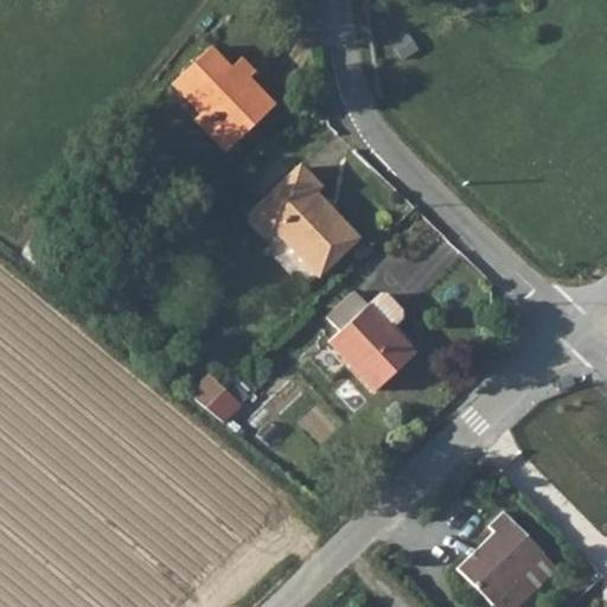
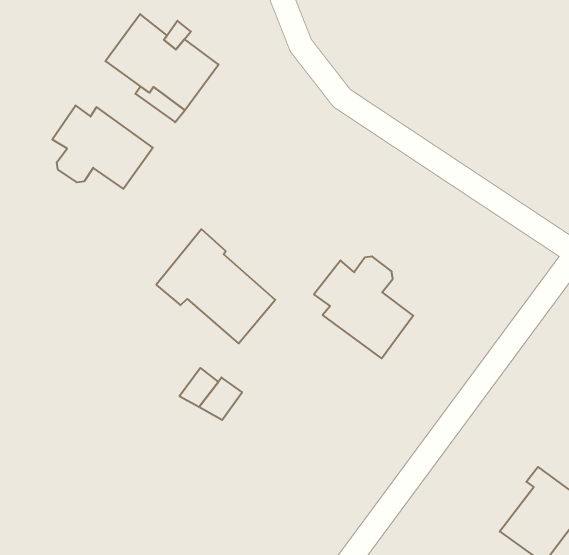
building: none -> [52,105,153,189]
building: [251,165,358,275] -> [156,229,275,343]

